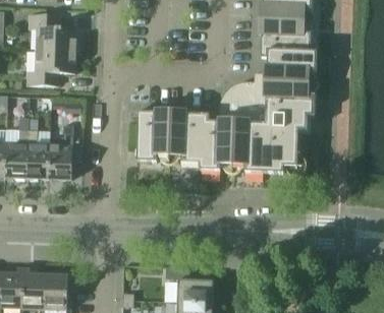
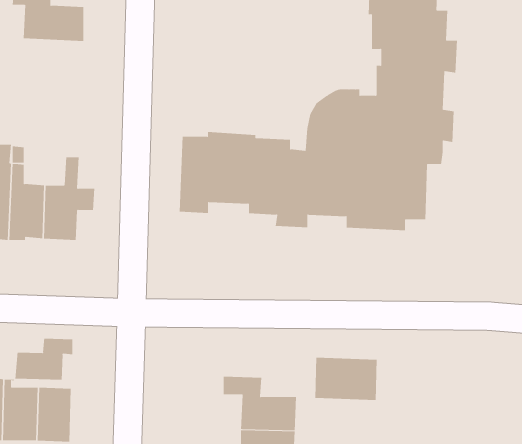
building: [28,49,75,85] -> none
building: none -> [15,338,73,381]
building: none -> [315,357,377,401]

